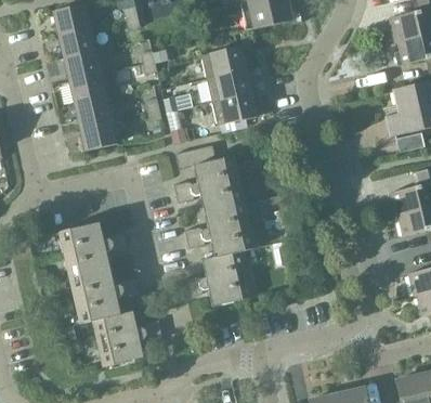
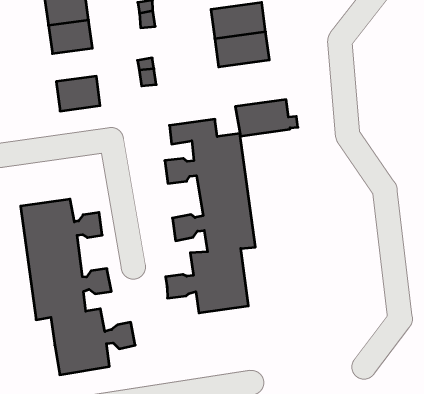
building: [211,92,264,126] -> [235,100,298,136]
building: [74,96,112,127] -> none

